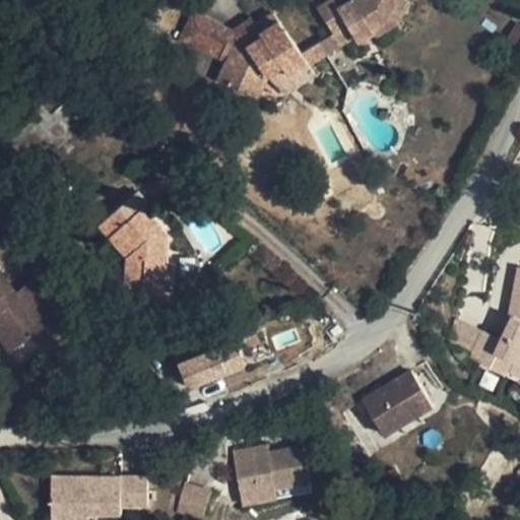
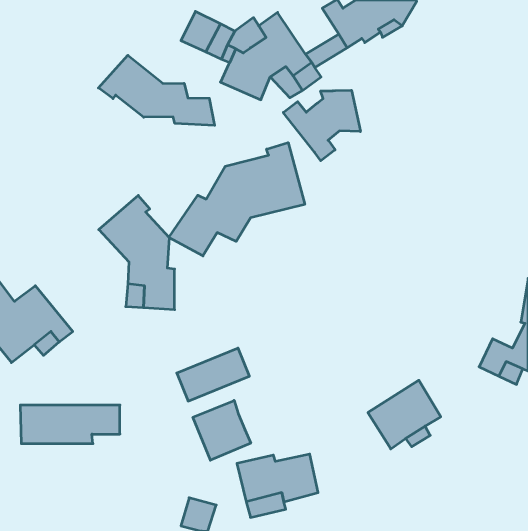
building: none -> [98,55,215,125]
building: none -> [283,90,360,161]
building: none -> [169,143,305,256]
building: none -> [193,400,251,460]
building: [52,477,149,515] -> [20,405,120,444]

